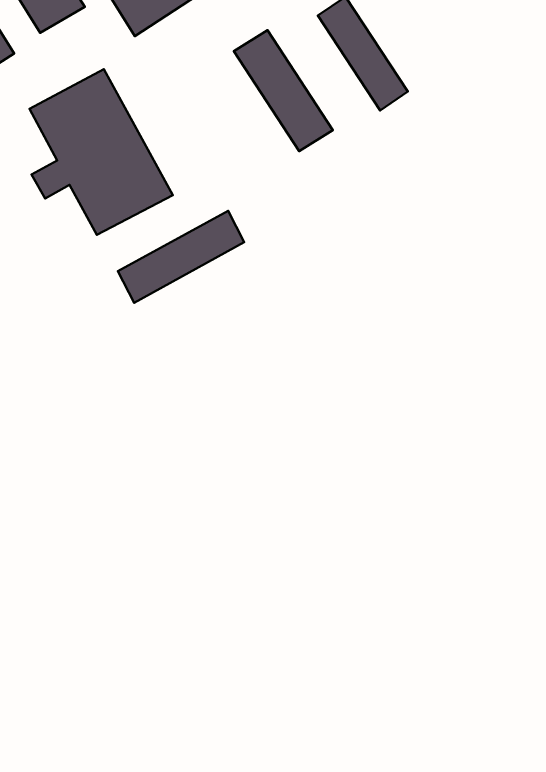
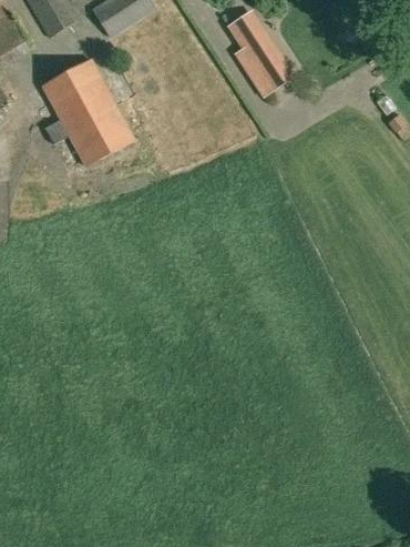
building: [234,30,333,151] -> none
building: [118,211,244,303] -> none

